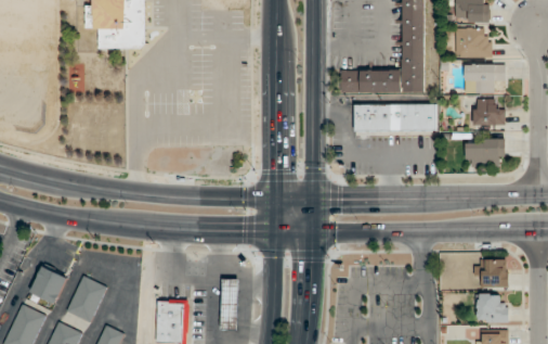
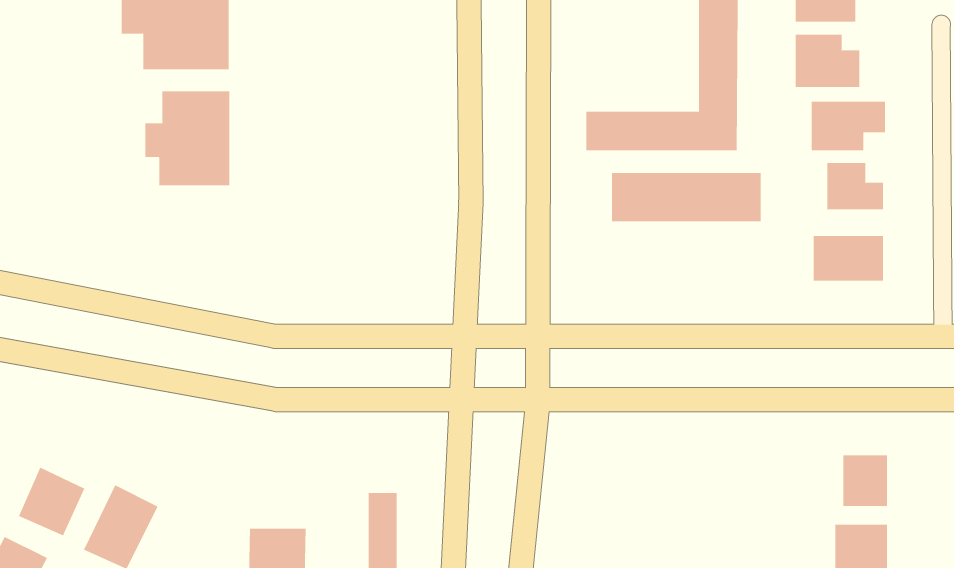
building: none -> [145,91,230,186]

